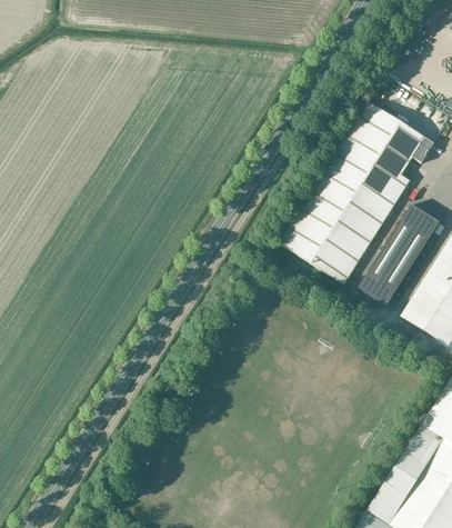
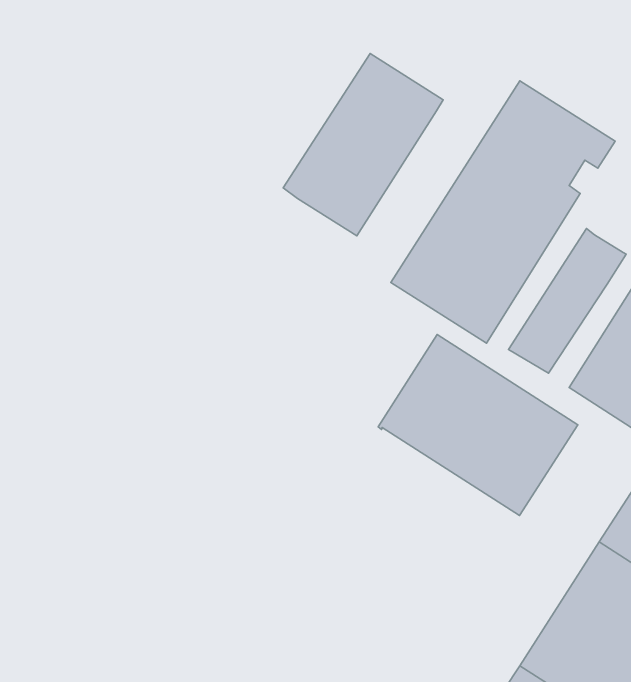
building: none -> [283,54,443,236]
building: none -> [378,334,578,515]

